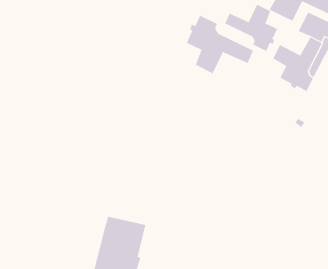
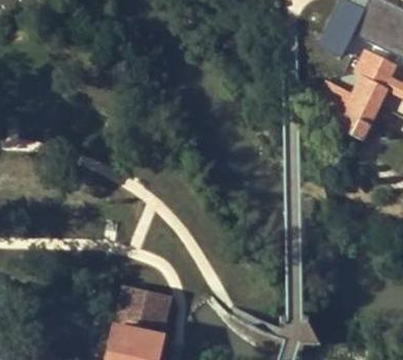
building: [225,4,278,52] -> none
building: [186,15,253,74] -> none

